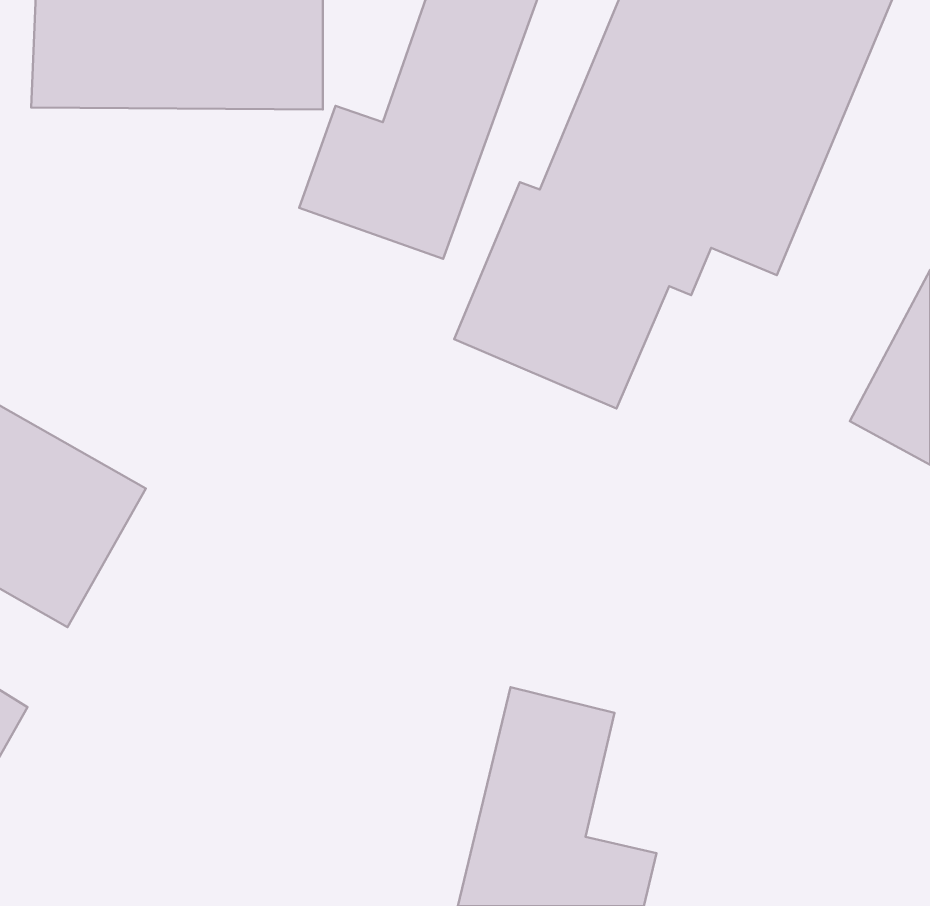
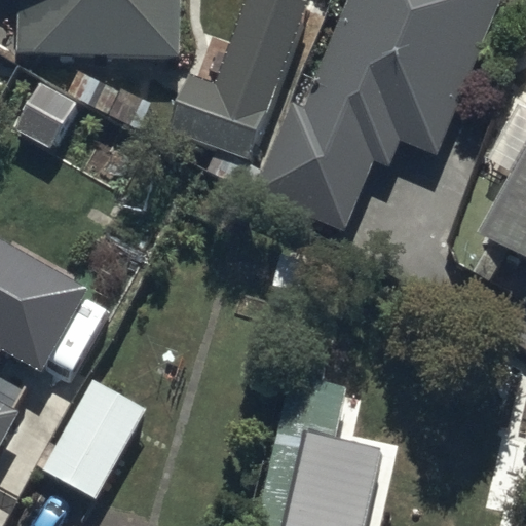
building: none -> [45,380,148,502]

